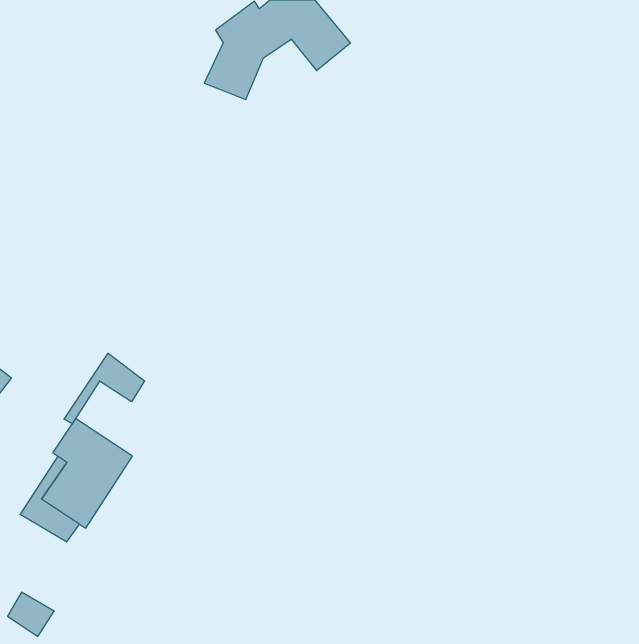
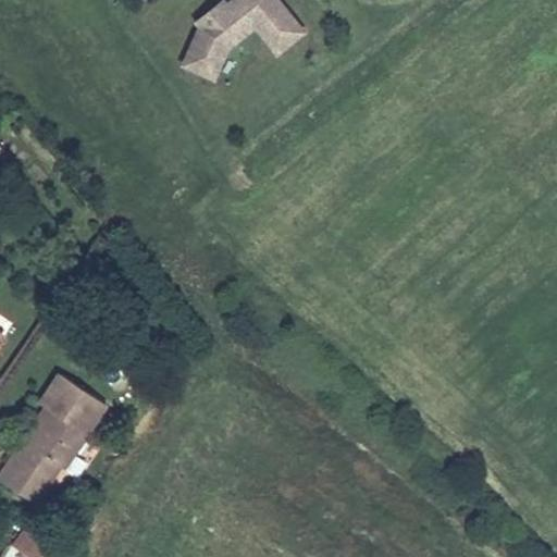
building: [64,353,145,424] -> none
building: none -> [4,444,58,491]

